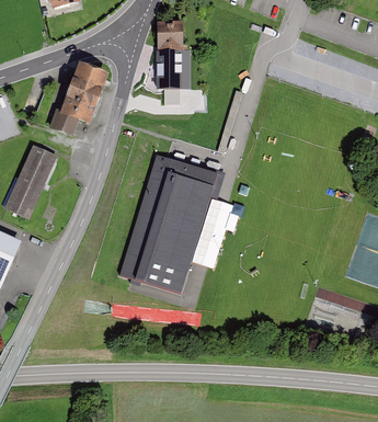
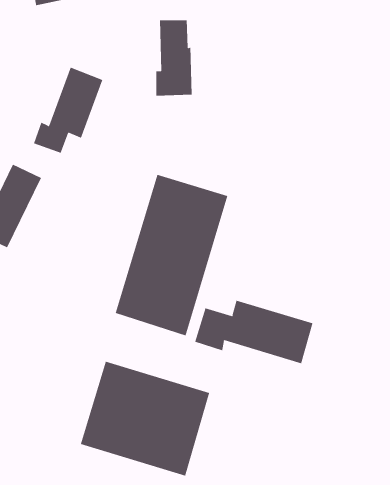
building: none -> [194,300,313,364]
building: none -> [80,361,210,477]

